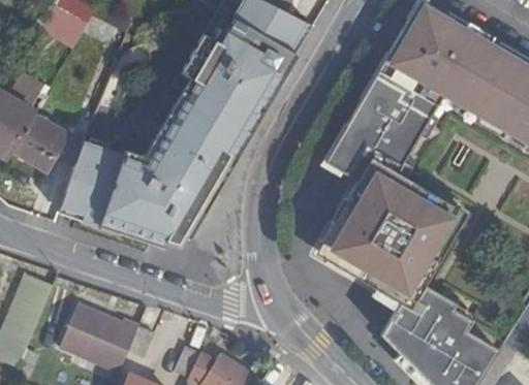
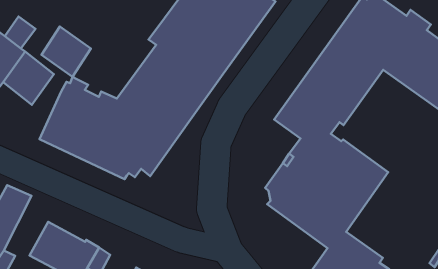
building: none -> [42,26,91,77]

